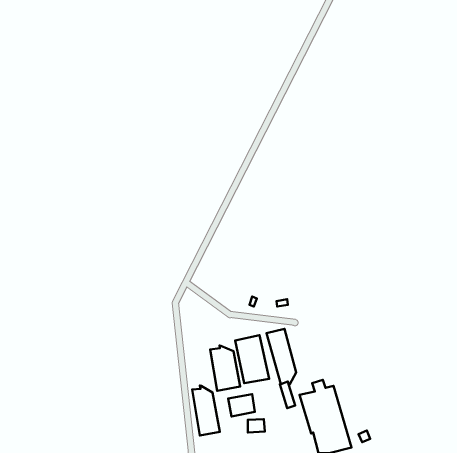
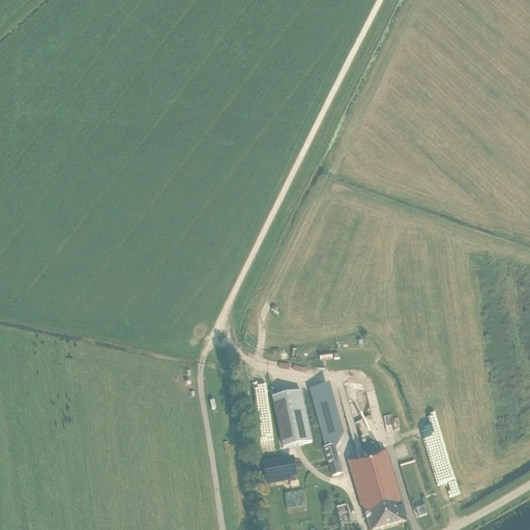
building: [210,345,240,391] -> none
building: [192,386,220,436] -> none

